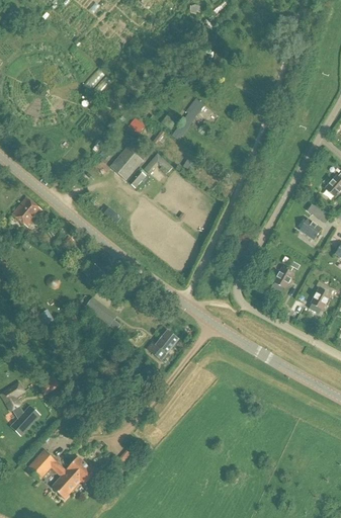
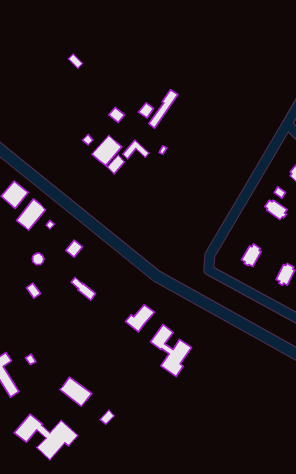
building: none -> [16,199,46,230]
building: none -> [150,324,192,376]
building: none -> [60,377,92,406]

